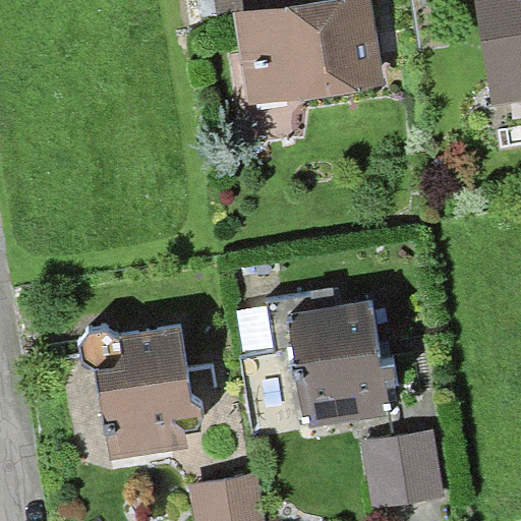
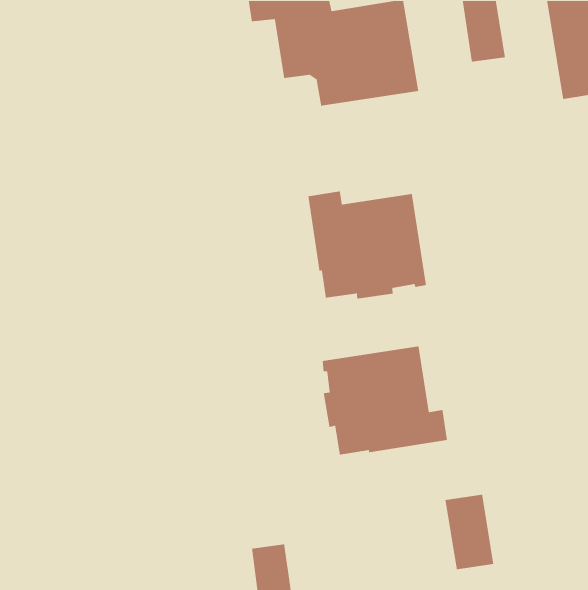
building: none -> [307,190,427,300]
building: [77,329,204,435] -> none

